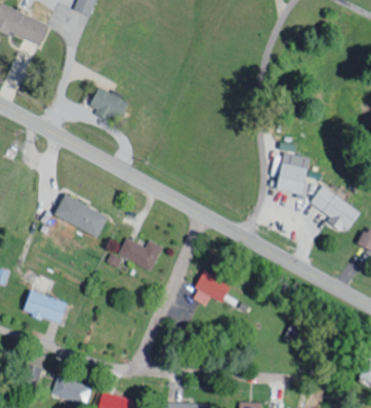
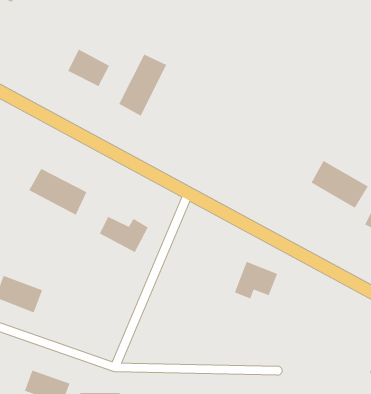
building: none -> [118,54,167,117]
building: [277,152,312,195] -> none
building: [192,271,232,305] -> [234,261,278,300]

